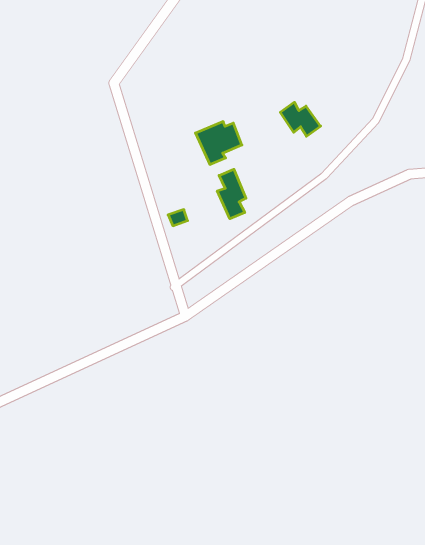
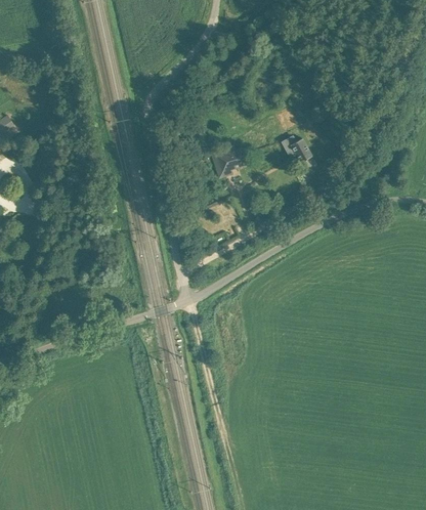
building: [217,169,246,219] -> none

